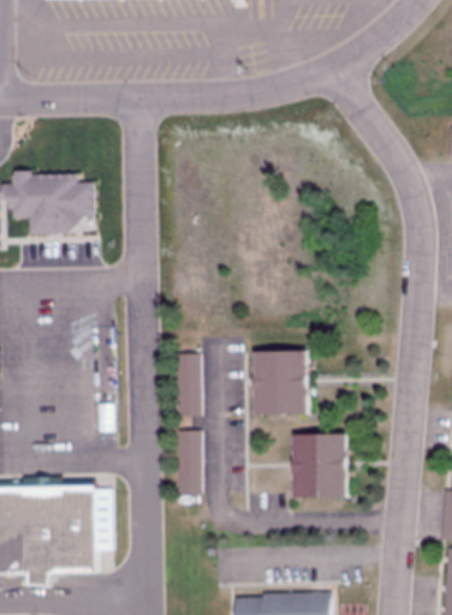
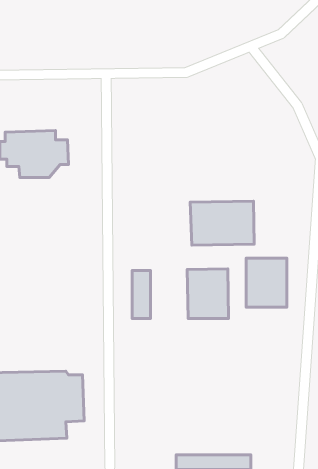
building: none -> [190,201,254,245]
building: [179,431,203,492] -> none
building: [291,436,344,500] -> [246,258,287,307]

